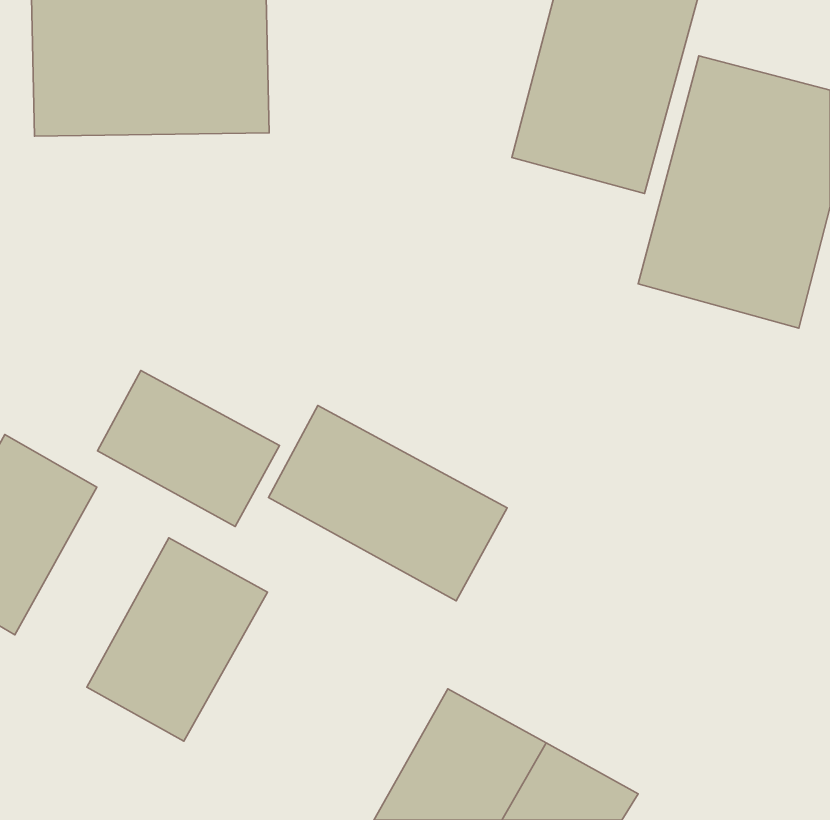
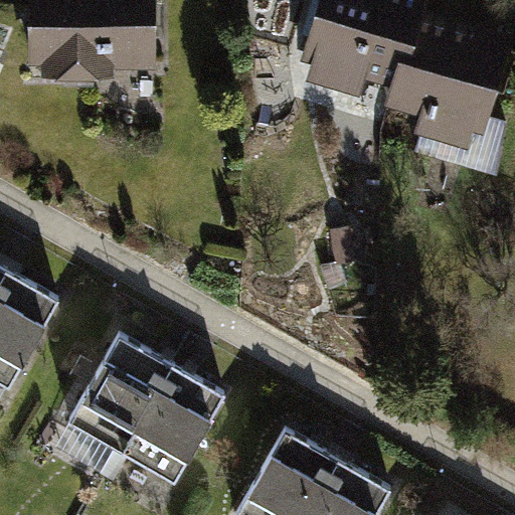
building: [98,371,280,527] -> none
building: [268,405,507,601] -> none
building: none -> [113,363,220,486]

